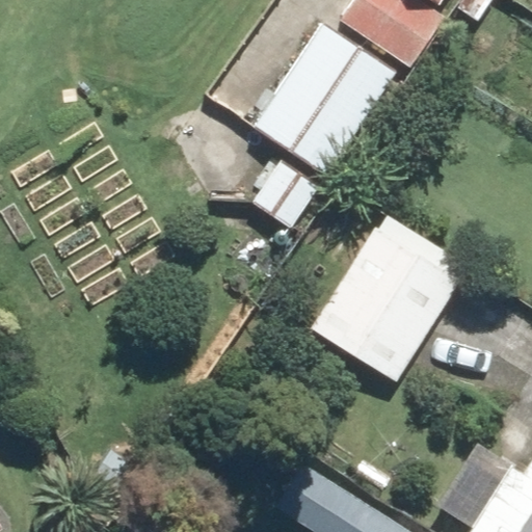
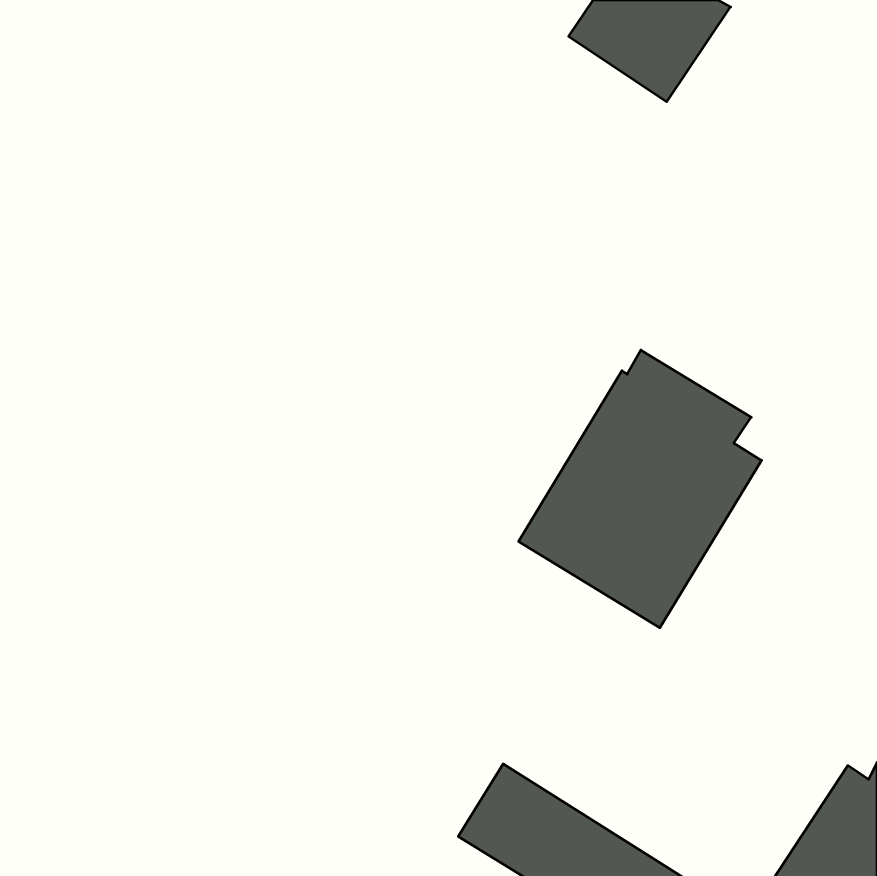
building: [251,22,394,176] -> none

